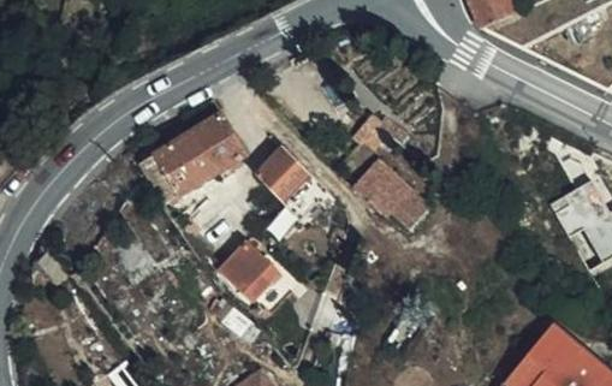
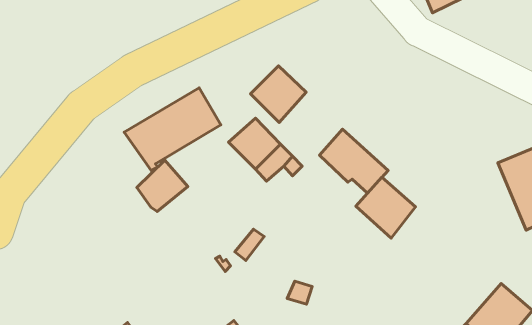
building: none -> [250,66,306,123]
building: none -> [356,177,416,238]
building: [214,239,271,296] -> [137,160,188,211]

